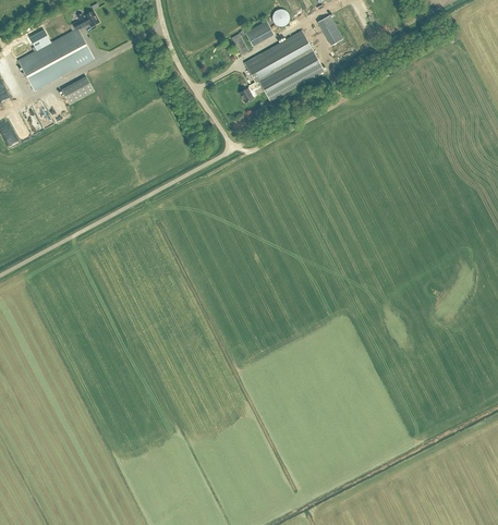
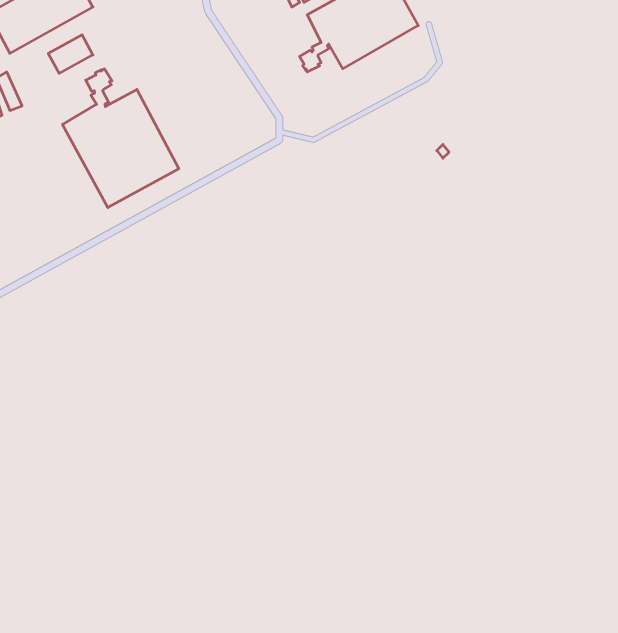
building: none -> [63,69,179,208]

